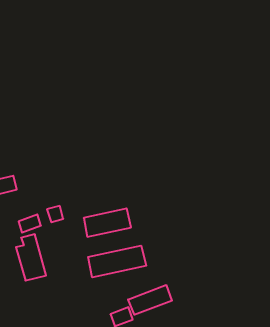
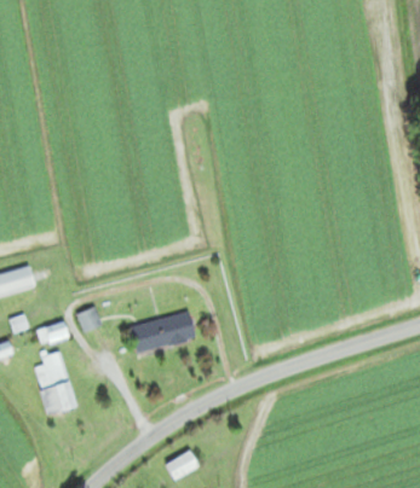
building: [88,246,146,277] -> none
building: [128,285,172,315] -> none

